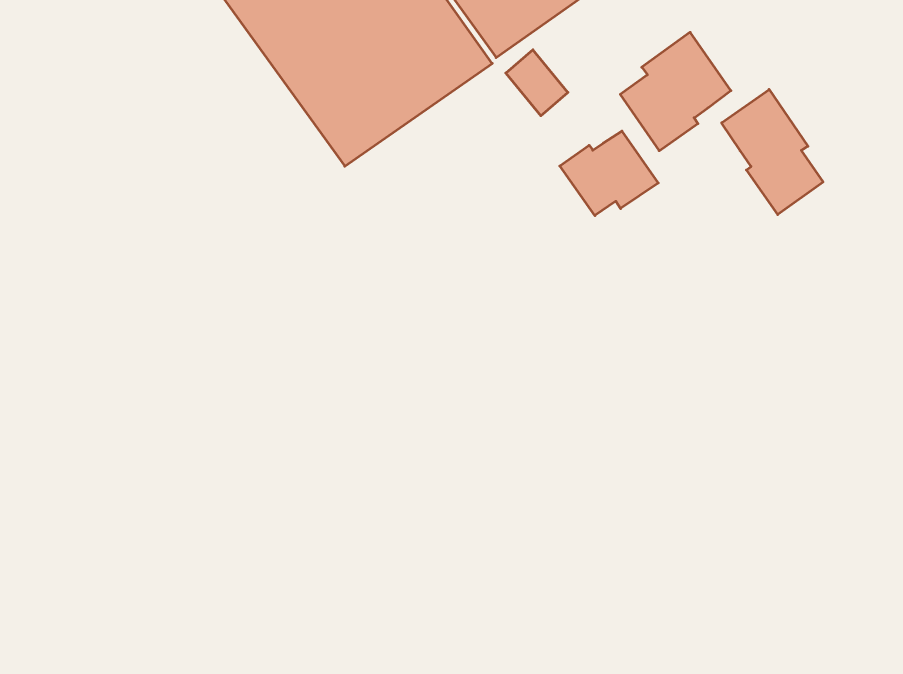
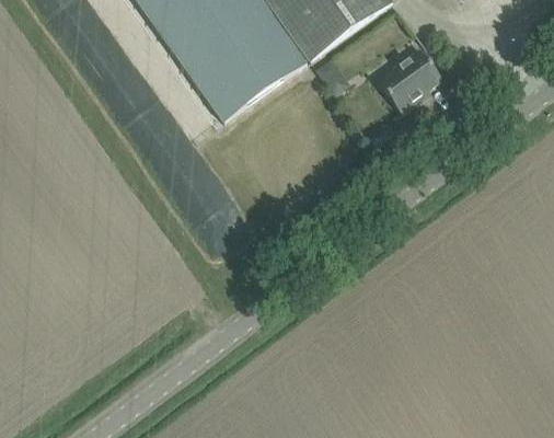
building: [722,89,823,215] -> none
building: [560,131,658,216] -> none

